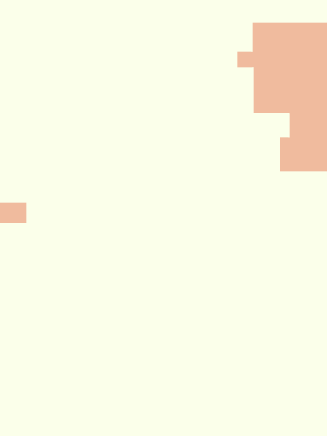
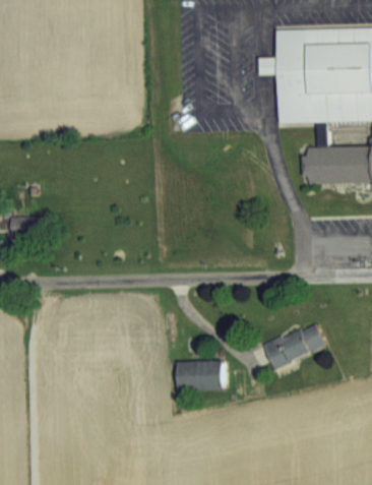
building: none -> [262,321,324,368]
building: none -> [177,361,224,391]

